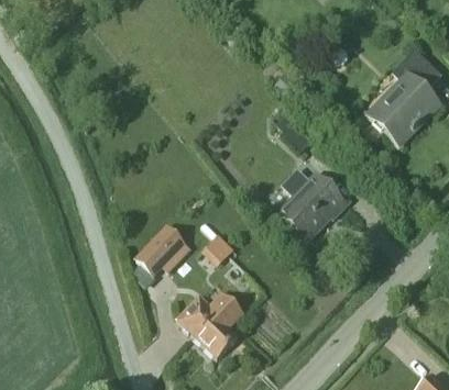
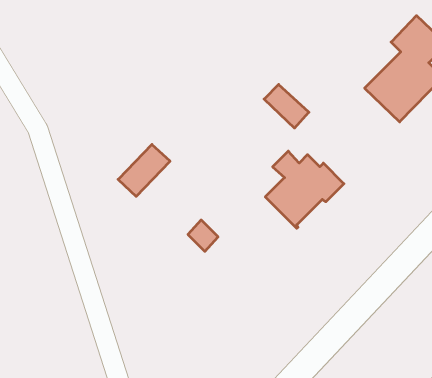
building: [136,227,184,275] -> [118,144,170,196]
building: [176,292,243,358] -> none

